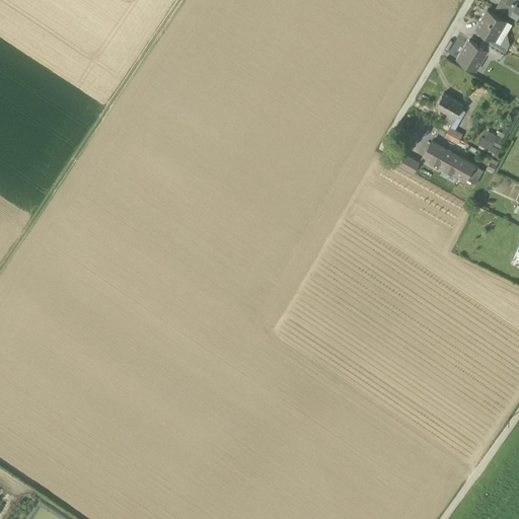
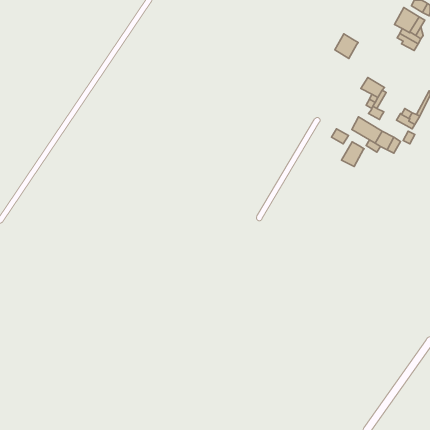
building: [457,40,486,69] -> [335,34,358,58]
building: none -> [342,142,364,166]

